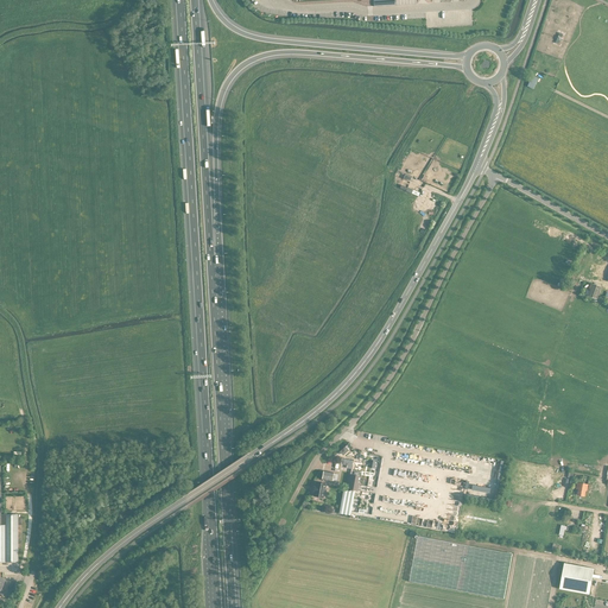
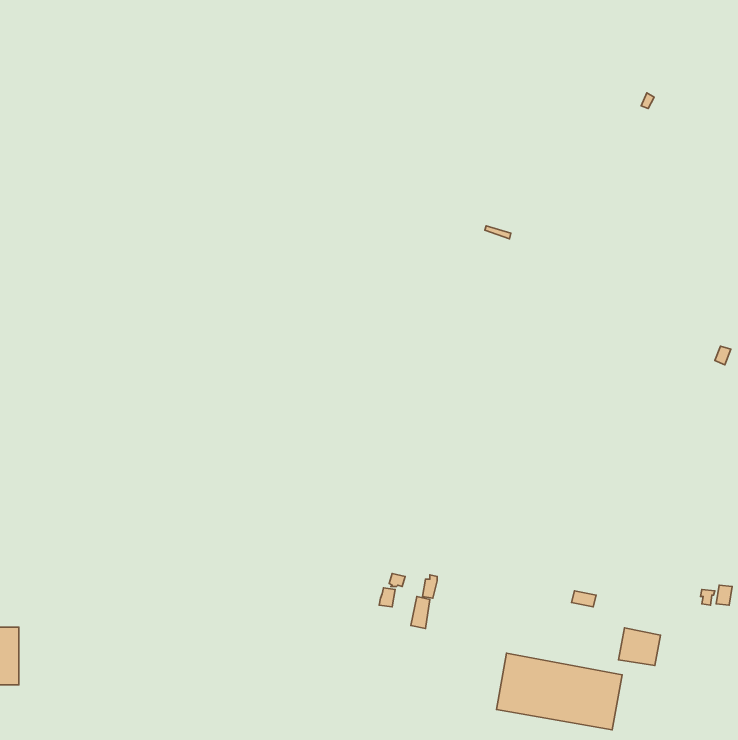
building: [558,563,593,594] -> [619,628,661,666]

